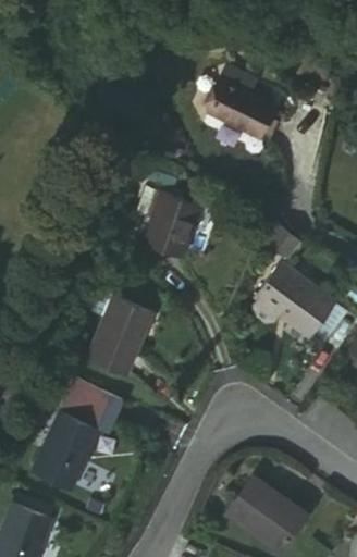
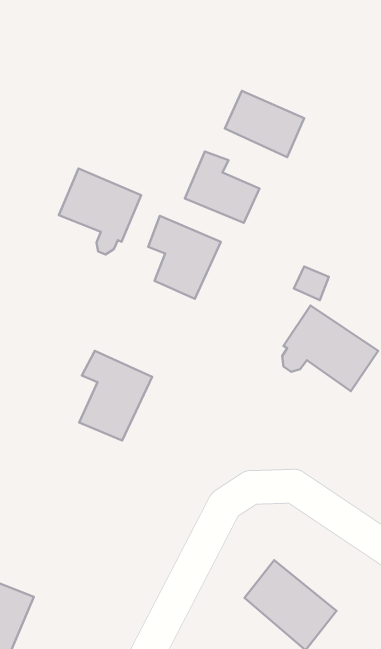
building: none -> [185,151,260,223]
building: none -> [59,168,141,255]
building: [38,382,111,484] -> none

